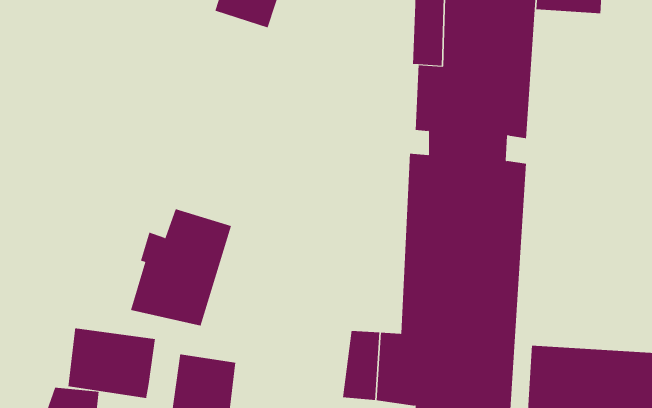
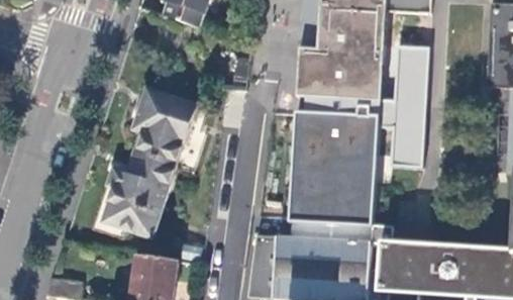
building: none -> [379,42,428,165]
building: none -> [134,86,198,165]
building: [68,328,156,399] -> none

